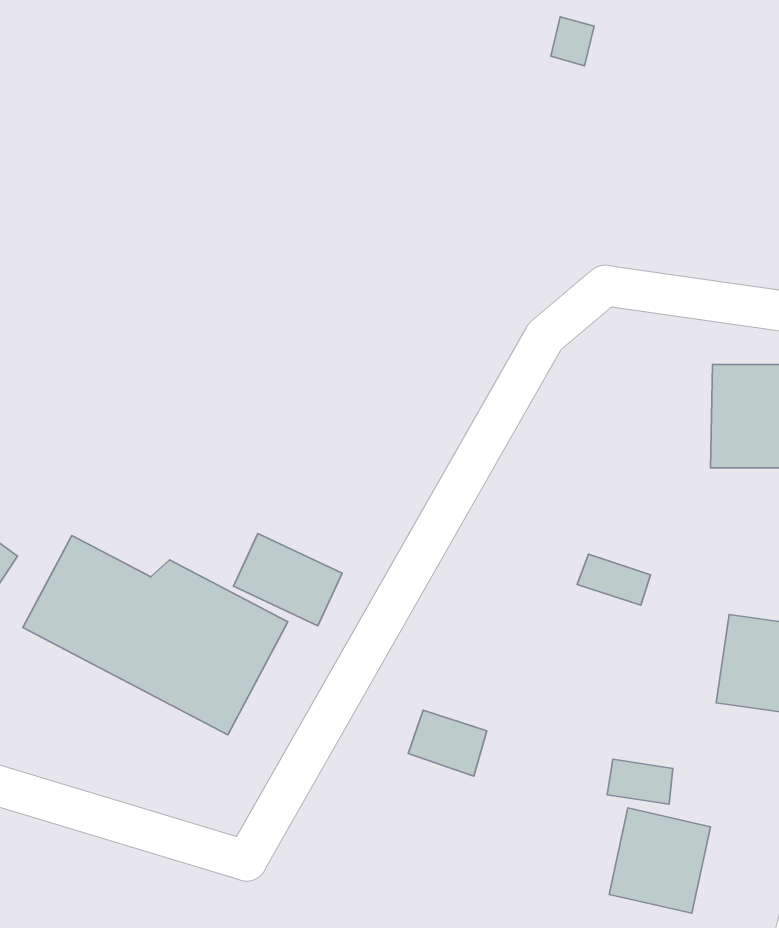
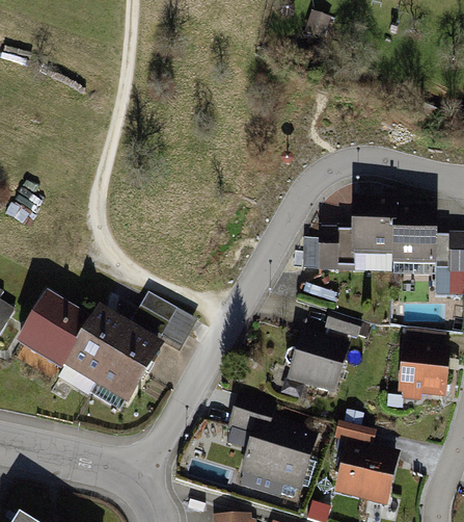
building: none -> [352,202,391,257]
building: none -> [318,228,348,272]
building: none -> [285,331,347,394]
building: none -> [240,419,317,494]

